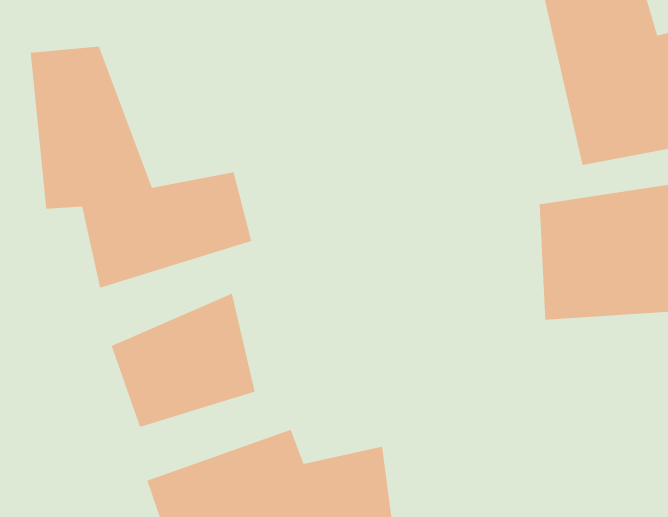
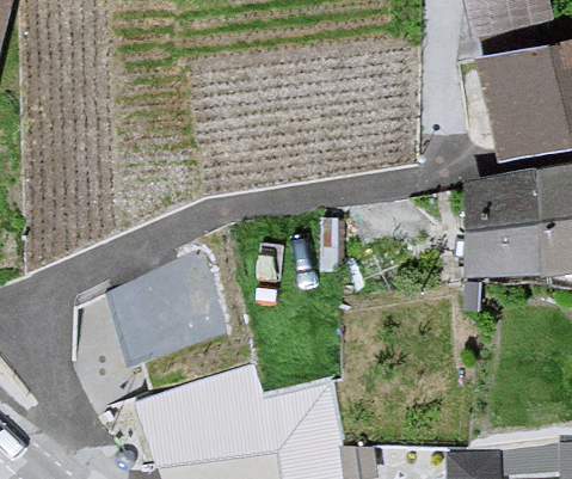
building: [30,46,252,288] -> none

